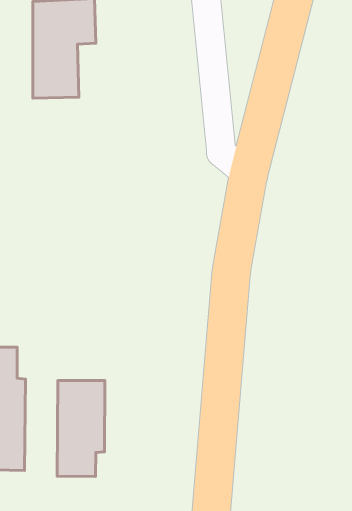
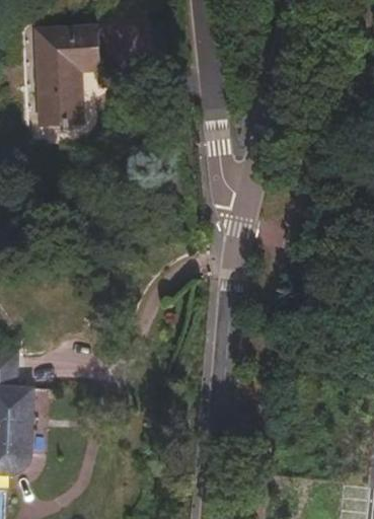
building: [57,381,105,477] -> none

